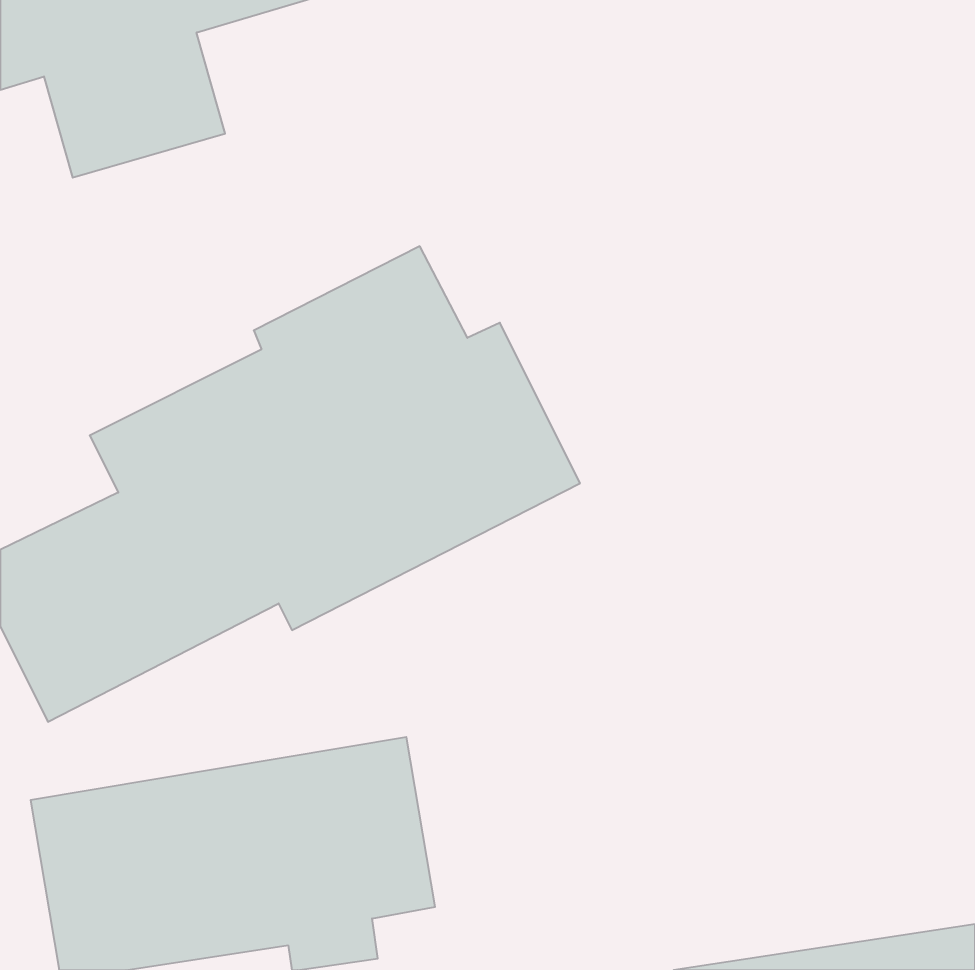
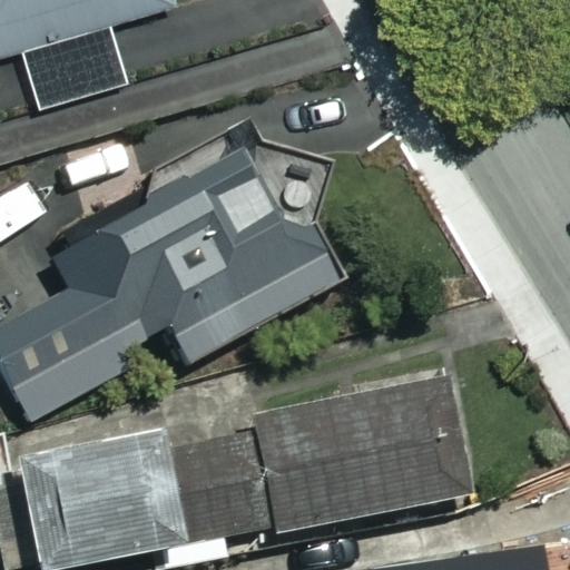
building: none -> [240,379,472,538]

